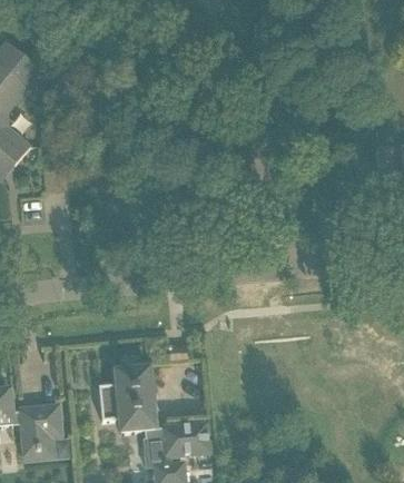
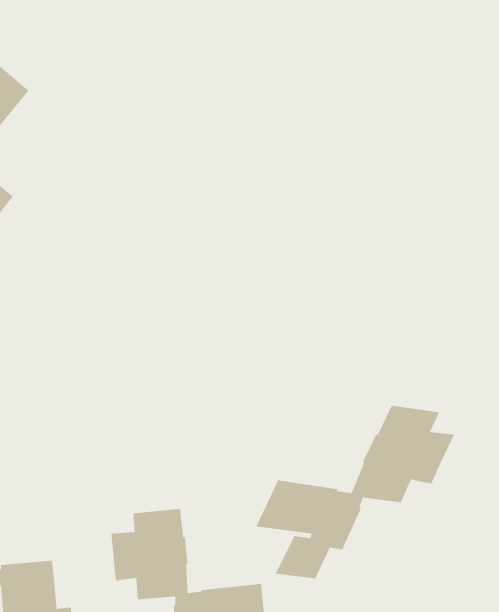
building: none -> [255,405,455,579]

